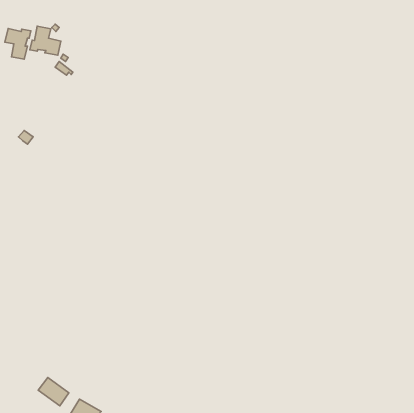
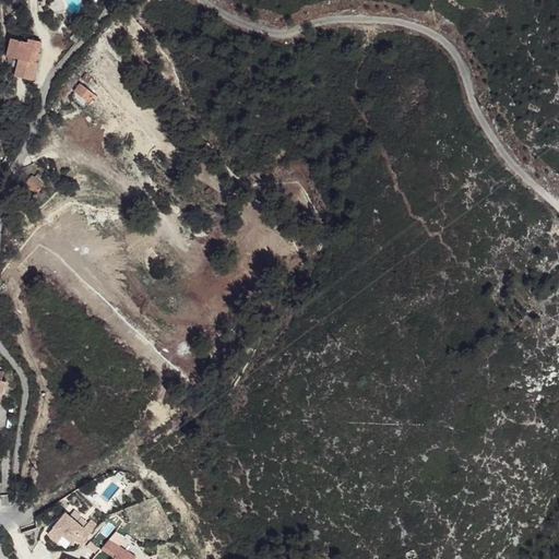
building: [30,26,61,55] -> none

